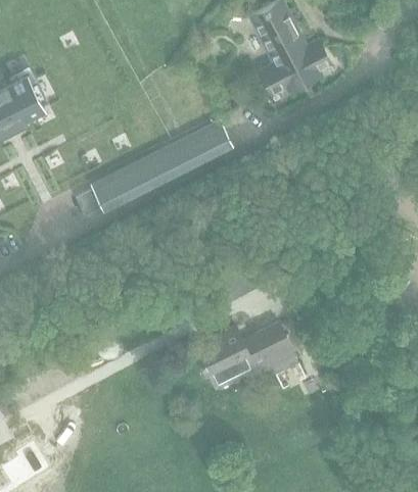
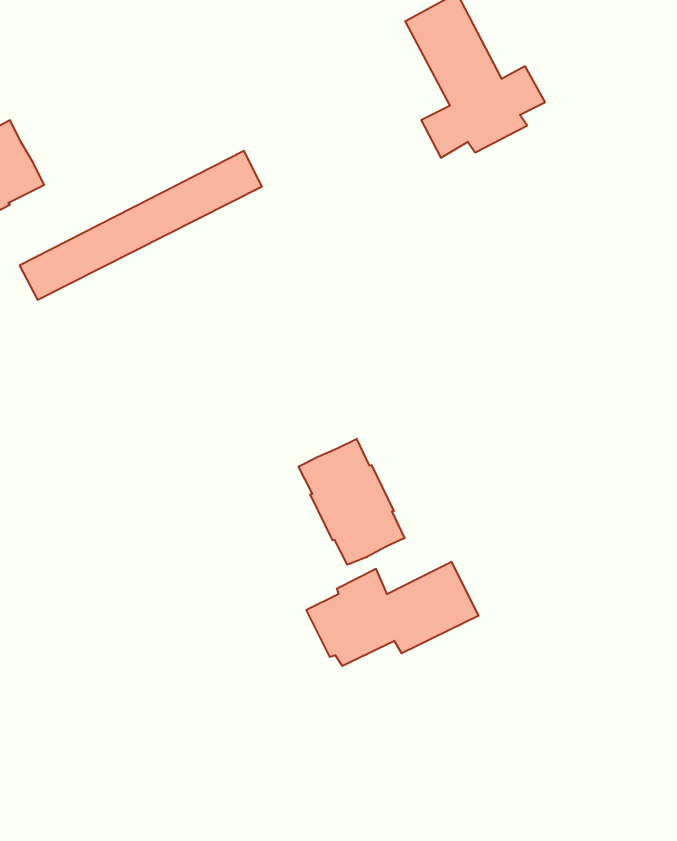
building: [93,122,231,207] -> [20,151,262,300]
building: none -> [299,439,405,565]

